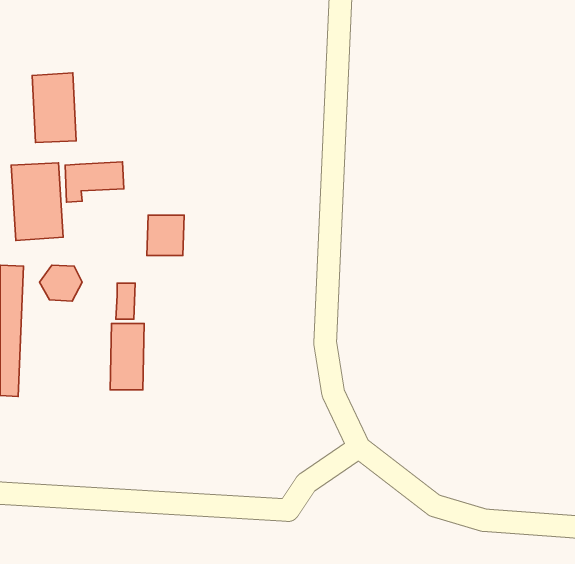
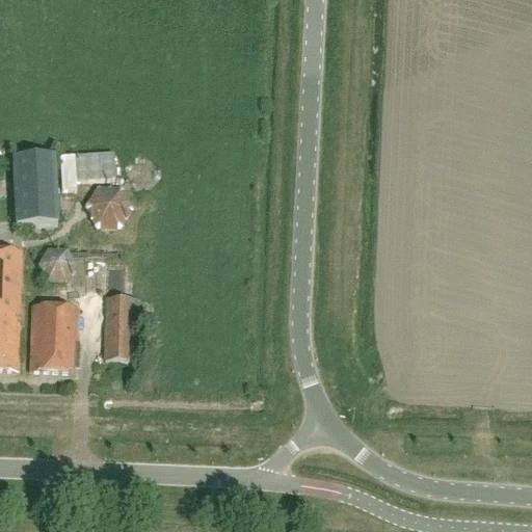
building: [32,73,76,143] -> none
building: [147,215,184,256] -> [89,186,124,223]
building: none -> [29,300,78,369]

